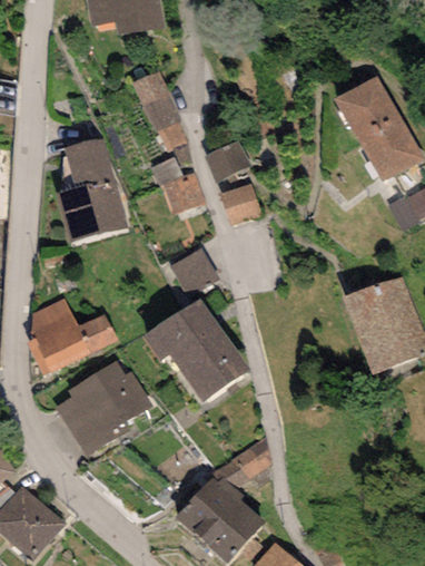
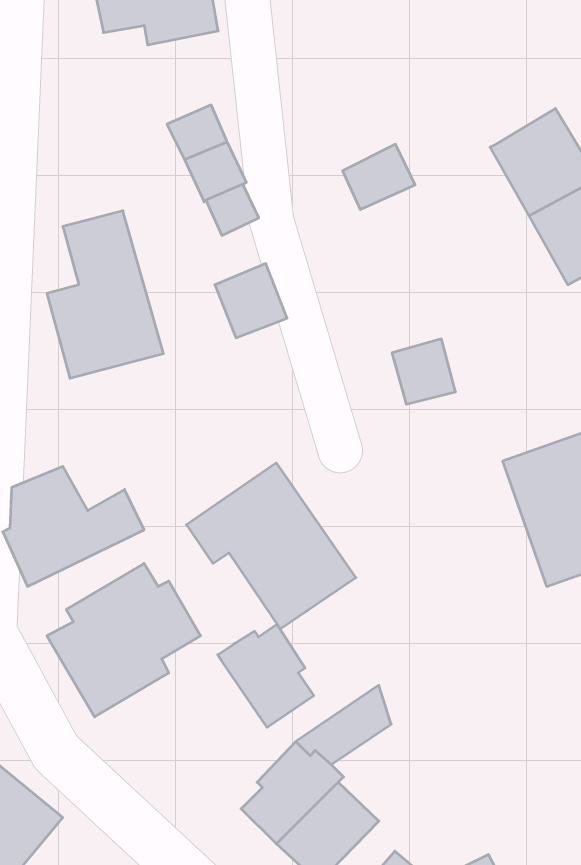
building: [205,139,250,180] -> [343,144,415,210]
building: [220,183,260,224] -> [392,339,456,404]
building: [169,246,217,294] -> none
building: none -> [218,624,314,727]

